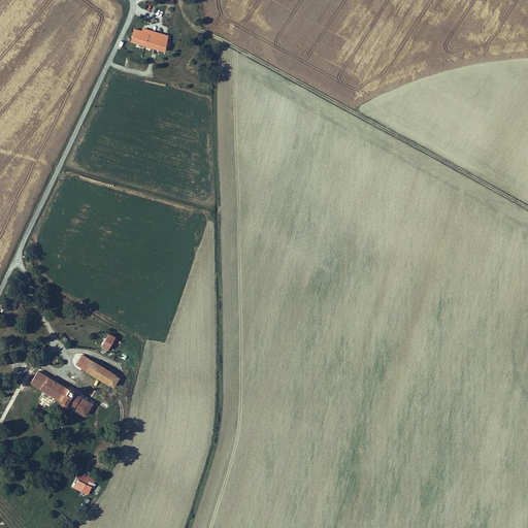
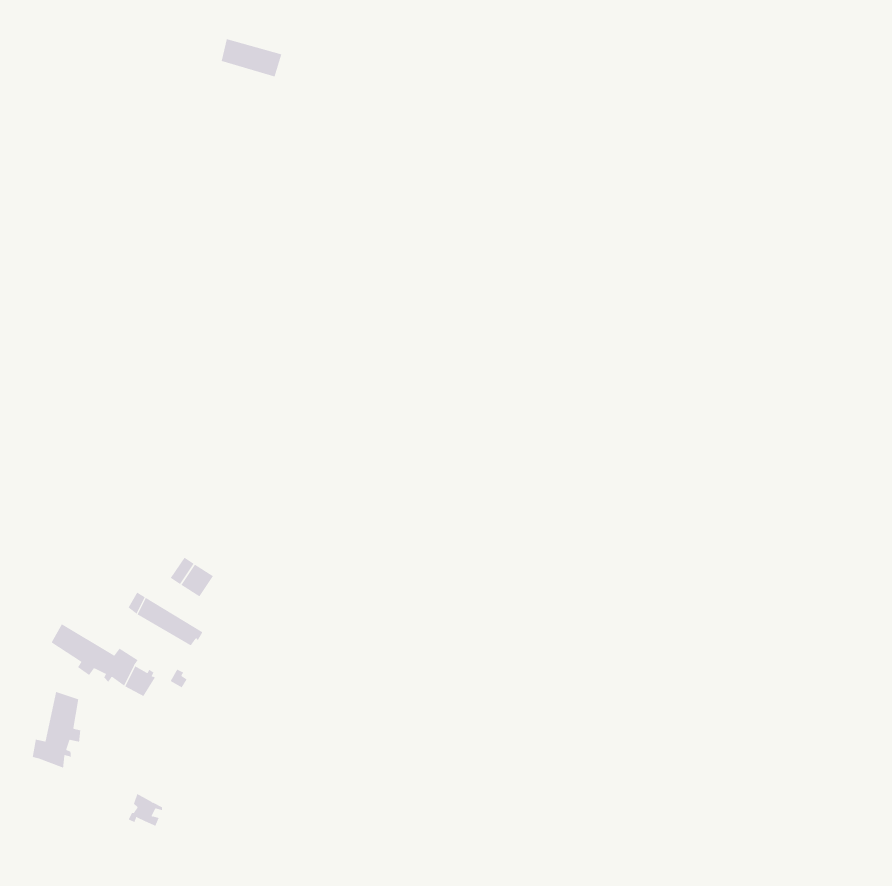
building: none -> [32,691,81,768]

